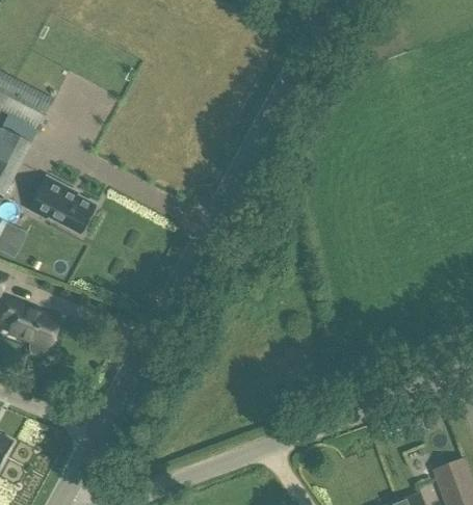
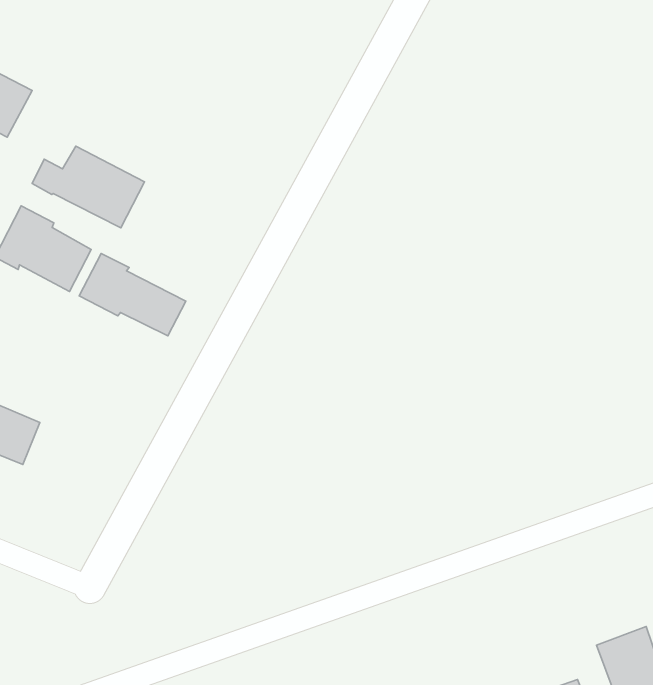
building: none -> [32,146,145,228]
building: none -> [79,253,186,336]

